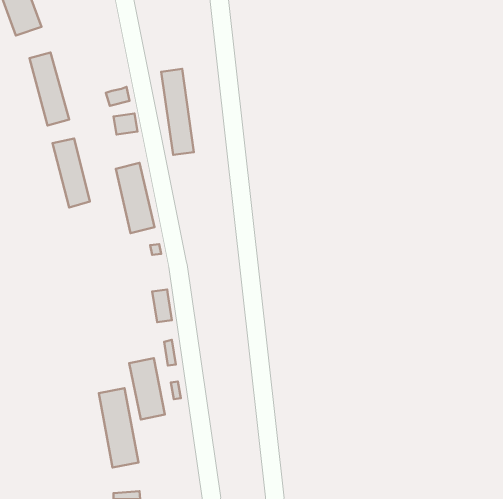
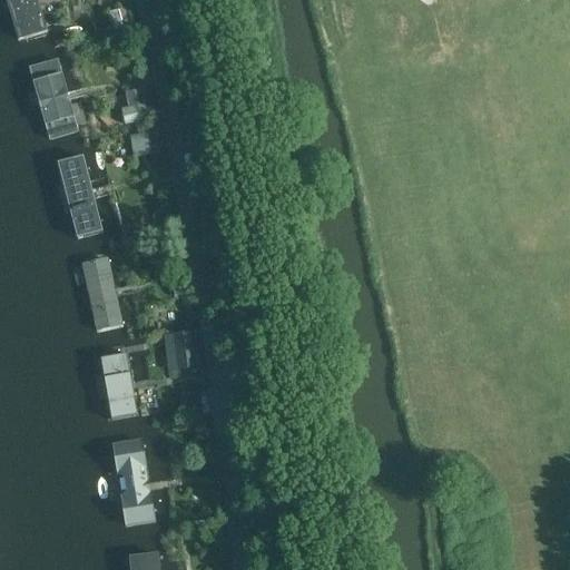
building: [161,69,194,155] -> none
building: [116,163,154,233] -> [80,255,124,334]
building: [129,358,165,420] -> [97,352,137,421]

